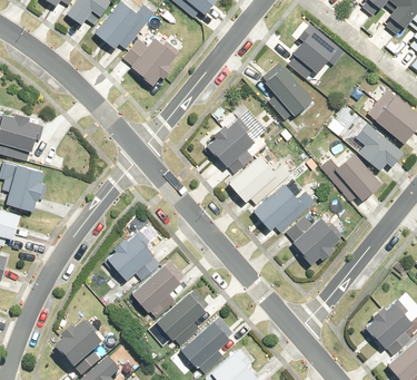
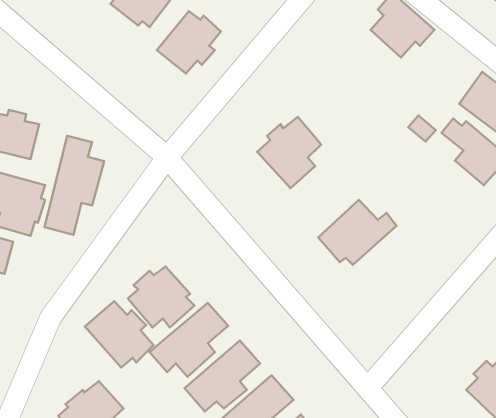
building: [262,64,312,115] -> none
building: none -> [45,136,104,235]
building: [330,149,383,201] -> none
building: [228,155,290,205] -> none
building: [284,216,341,264] -> none
building: none -> [85,301,154,367]

